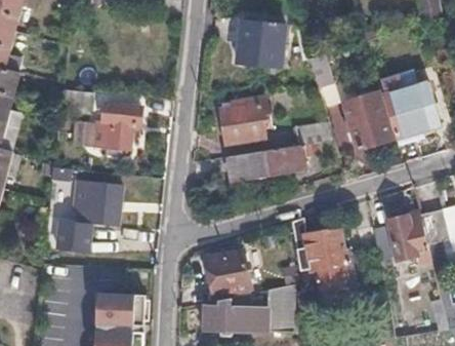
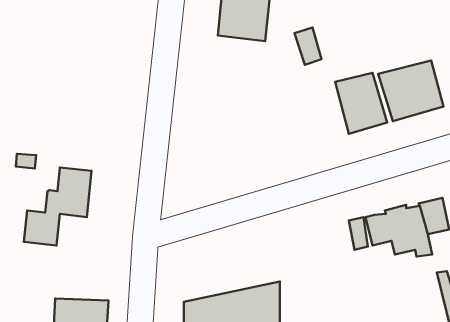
building: [220,104,264,145] -> none
building: [91,105,139,149] -> none
building: [228,146,303,179] -> none
building: [301,228,344,292] -> none
building: [207,249,250,294] -> none

